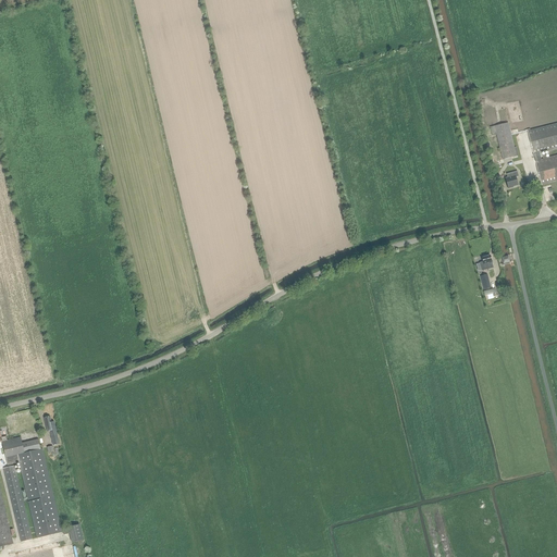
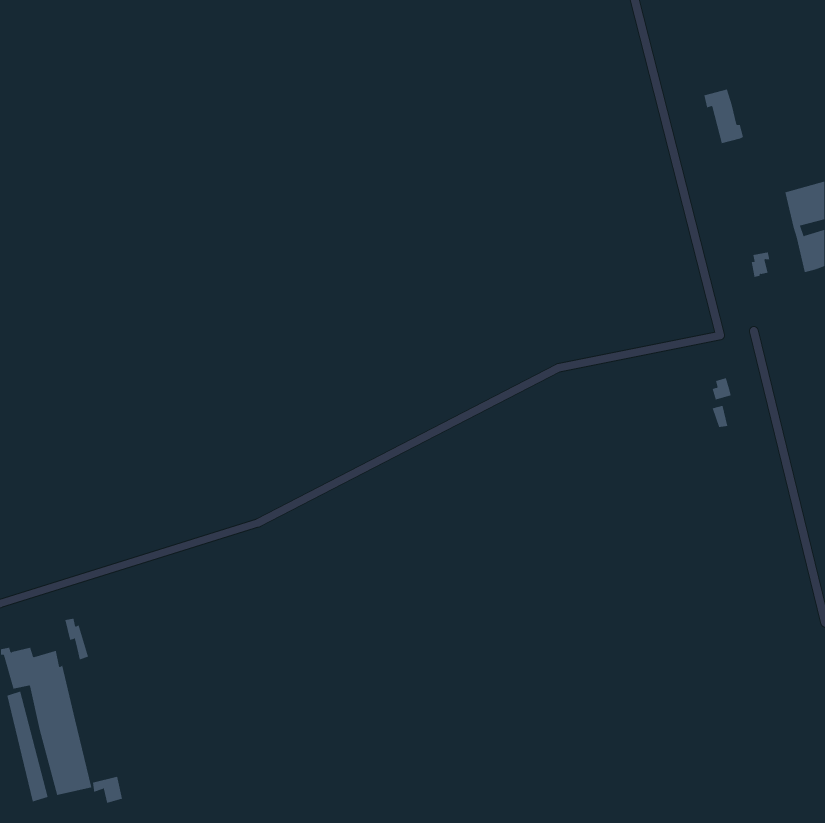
building: [491,122,518,159] -> [703,89,744,144]

